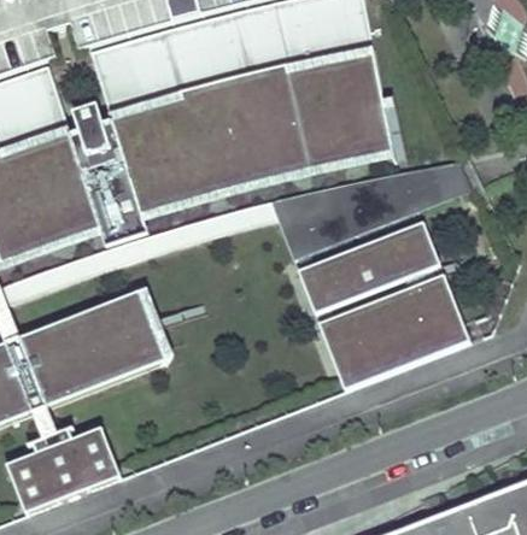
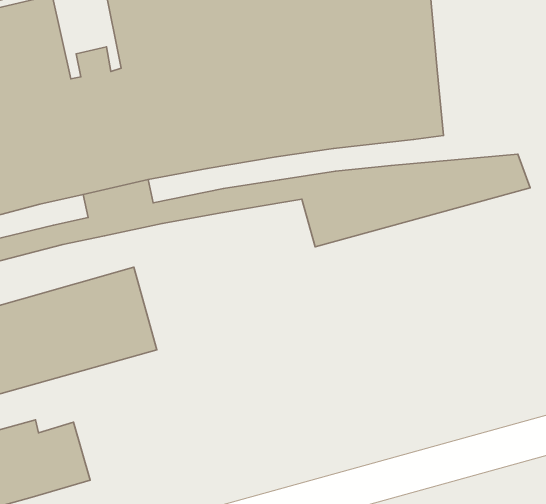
building: [297,221,439,313] -> none
building: [317,274,469,389] -> none

